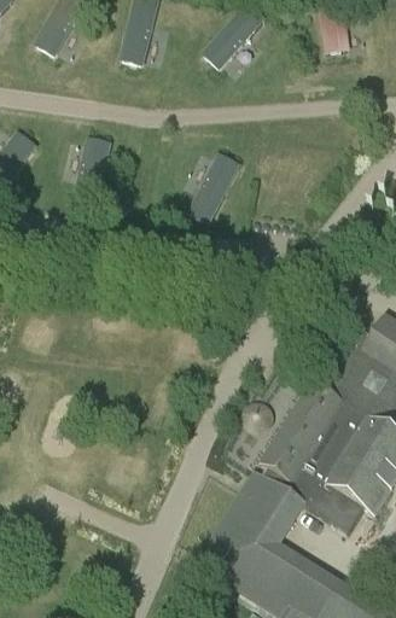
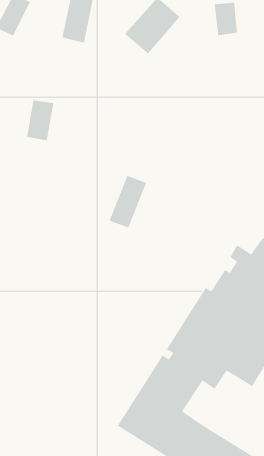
building: [190,152,240,222] -> [108,175,147,228]

